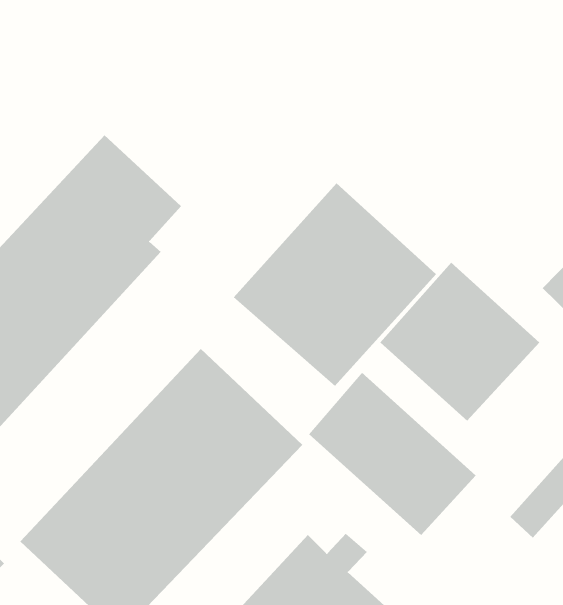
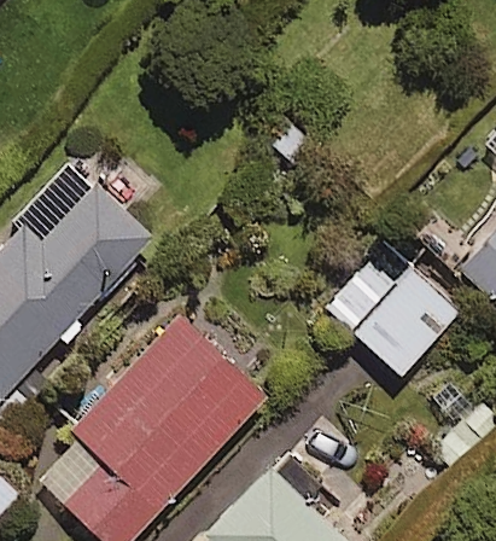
building: [233,182,437,387] -> none
building: [308,372,476,536] -> none

